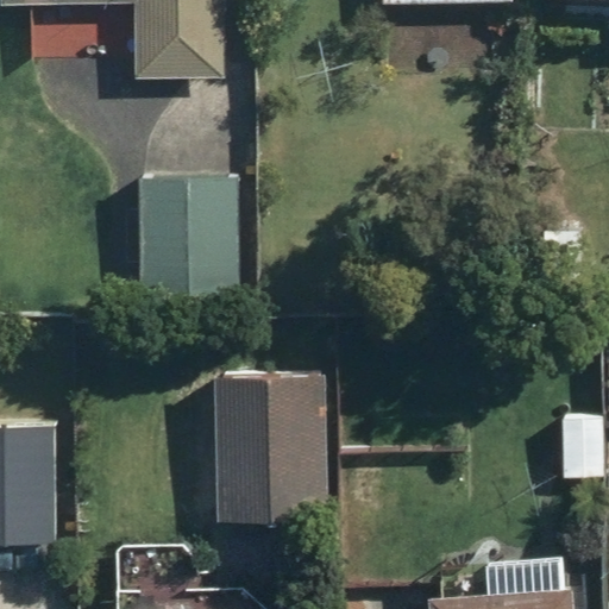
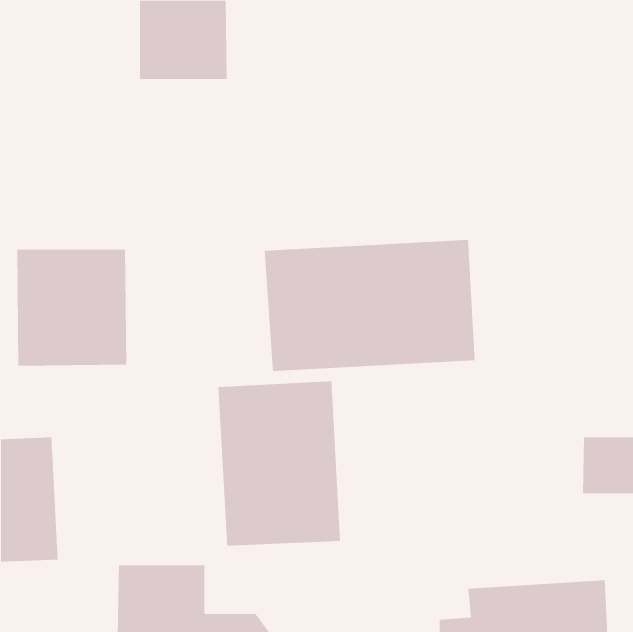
building: [134,181,240,293] -> [16,249,127,366]
building: none -> [264,239,475,372]

